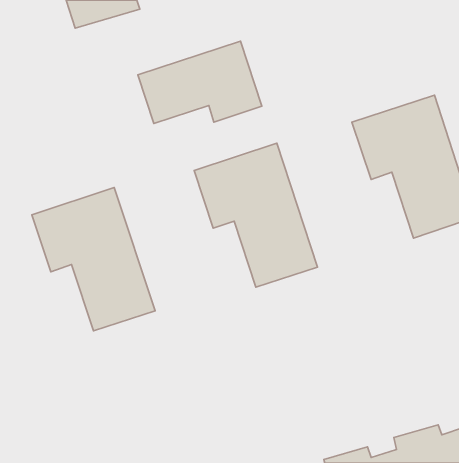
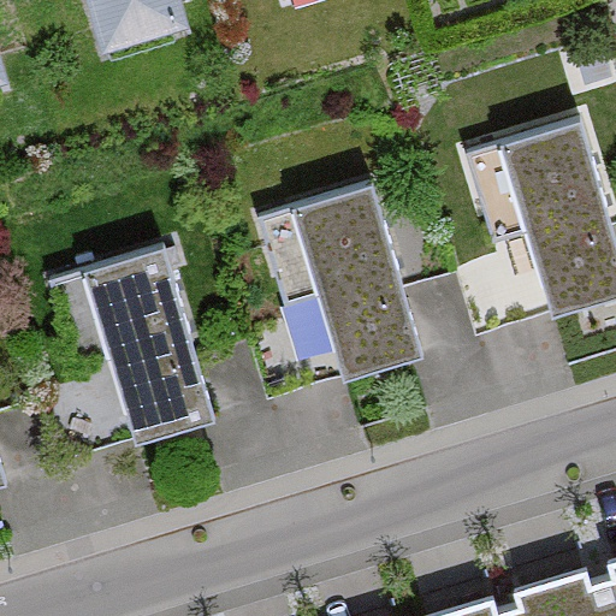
building: [138,41,262,123] -> none

